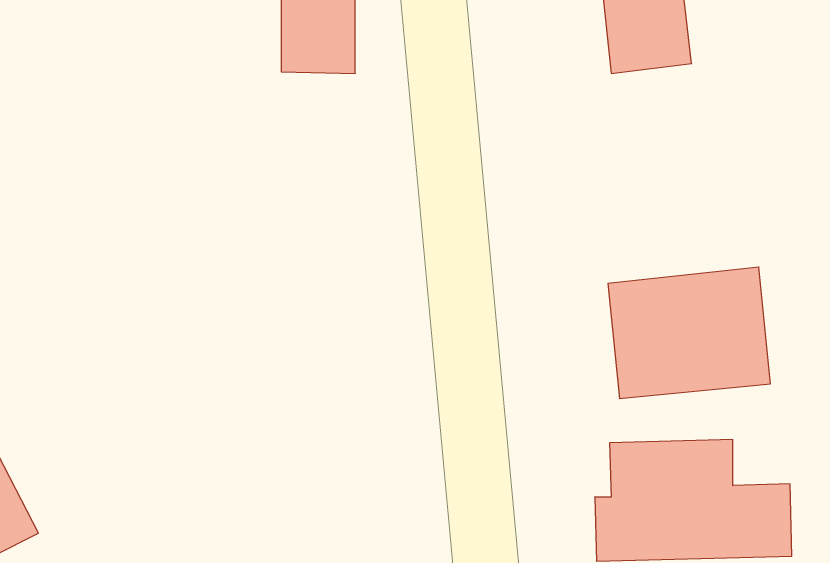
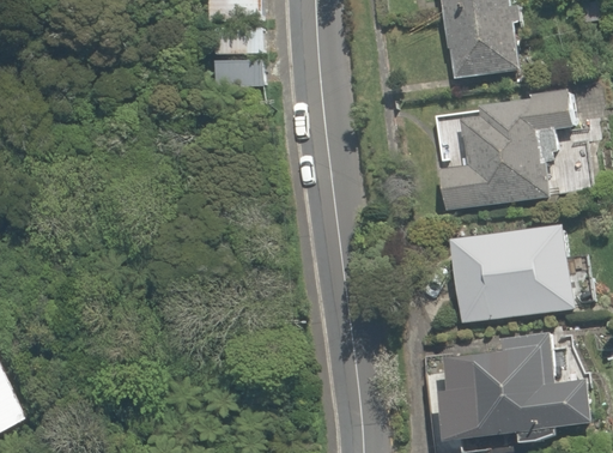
building: none -> [442,86,572,213]

